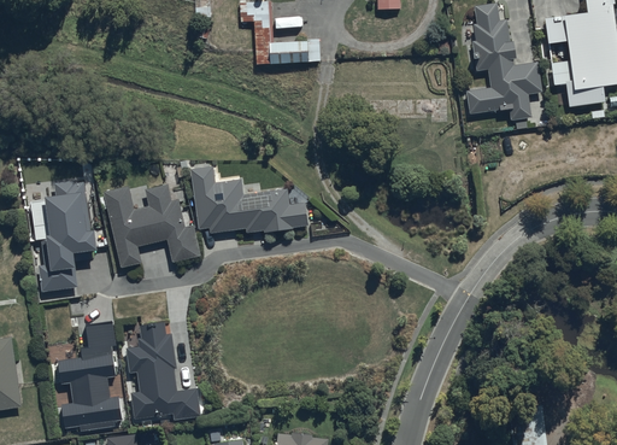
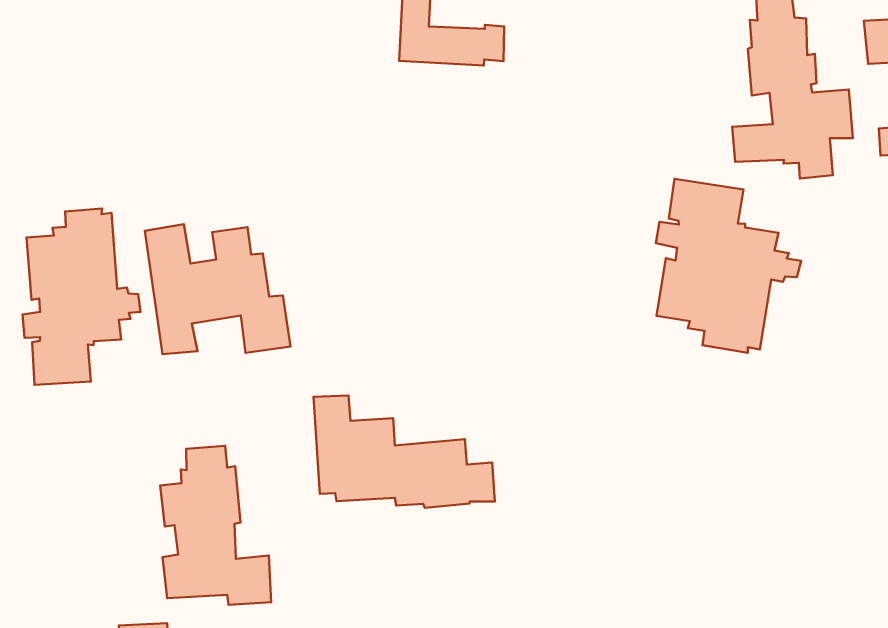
building: none -> [656,179,801,353]
building: [190,164,308,230] -> [314,396,495,508]
building: [57,317,123,428] -> none

